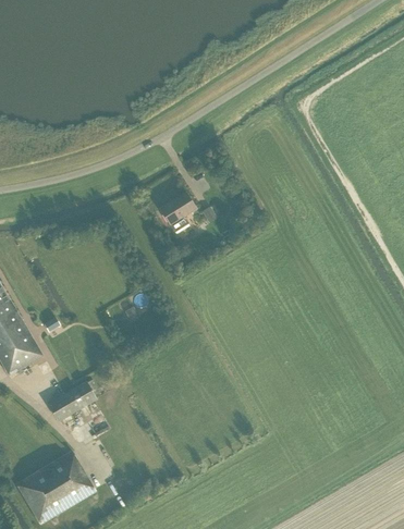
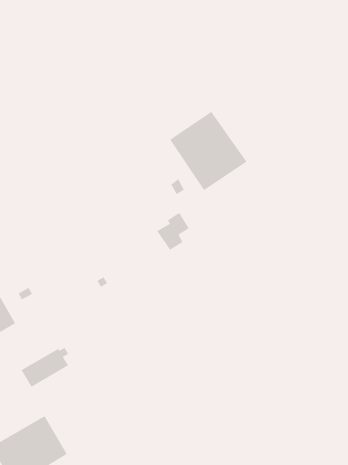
building: none -> [169,111,248,191]
building: [161,192,196,232] -> [156,212,190,251]

